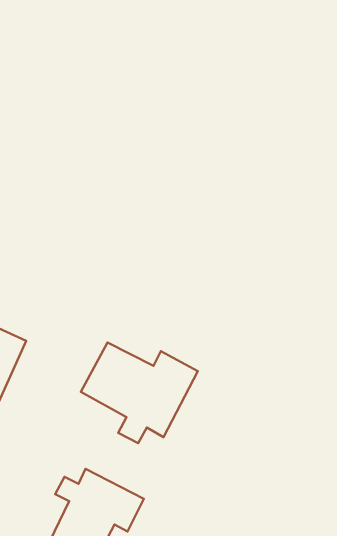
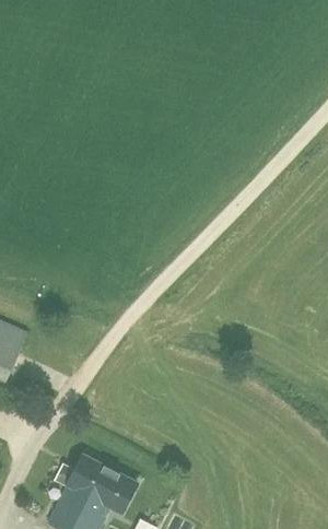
building: [81,343,198,443] -> none

